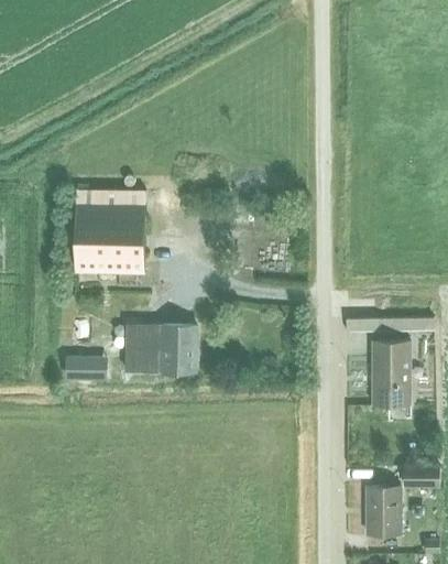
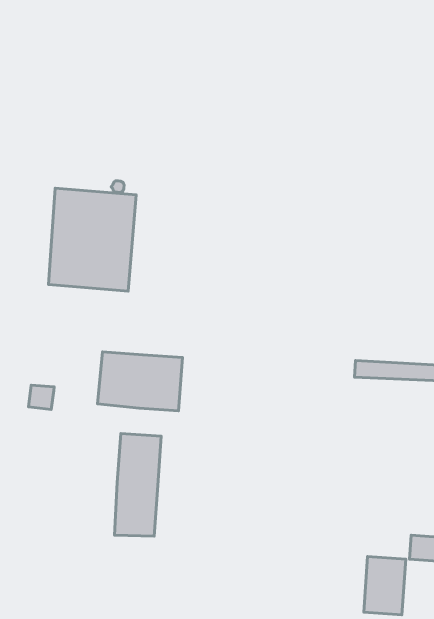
building: [371,340,409,406] -> none
building: none -> [115,433,161,536]

